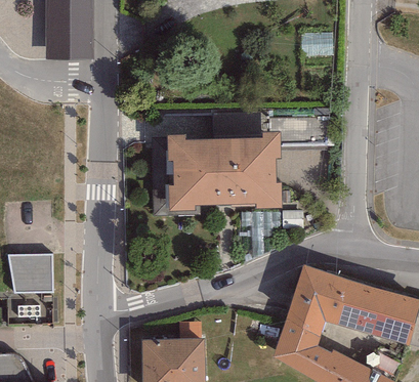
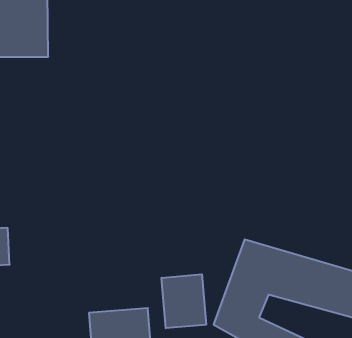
building: [165,129,280,209] -> none
building: none -> [162,274,206,328]

